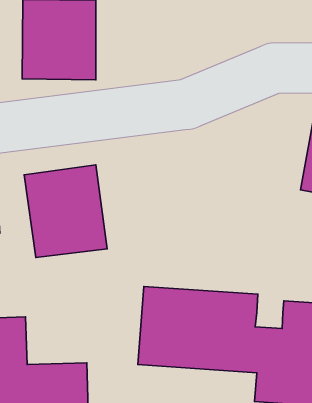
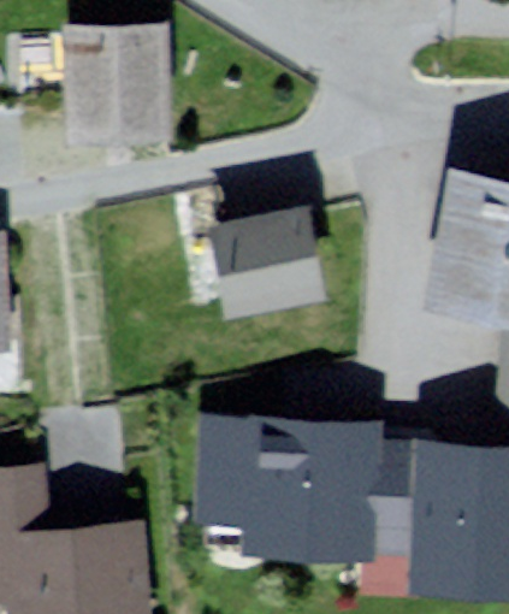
building: none -> [195,201,313,307]
building: [24,165,107,258] -> none

